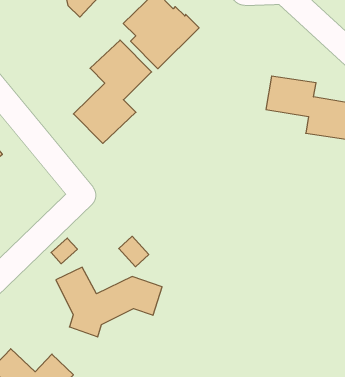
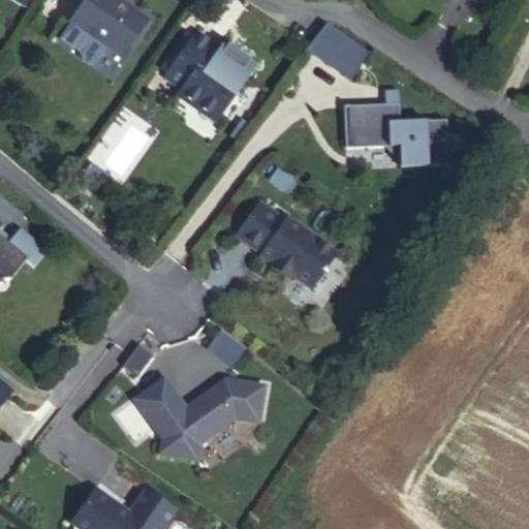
building: none -> [307,26,371,79]
building: [73,40,152,143] -> none
building: none -> [235,205,335,290]

